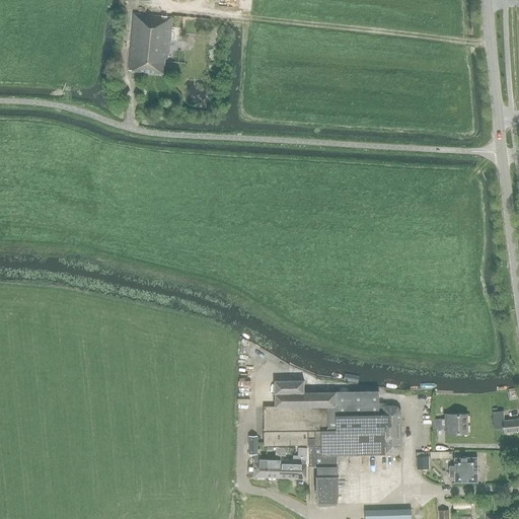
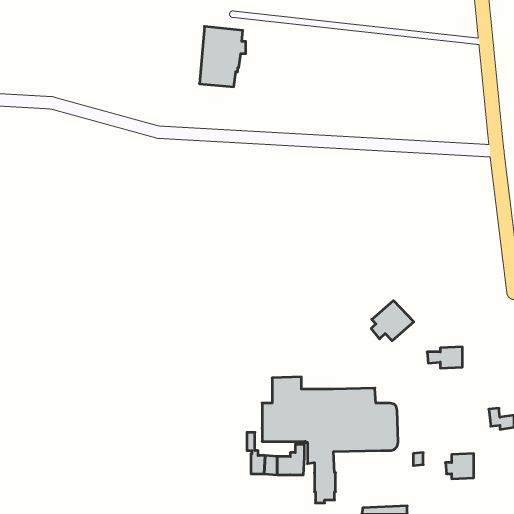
building: [128,12,174,73] -> [199,26,246,87]
building: none -> [371,301,414,341]
building: [431,413,466,434] -> [427,347,462,368]

